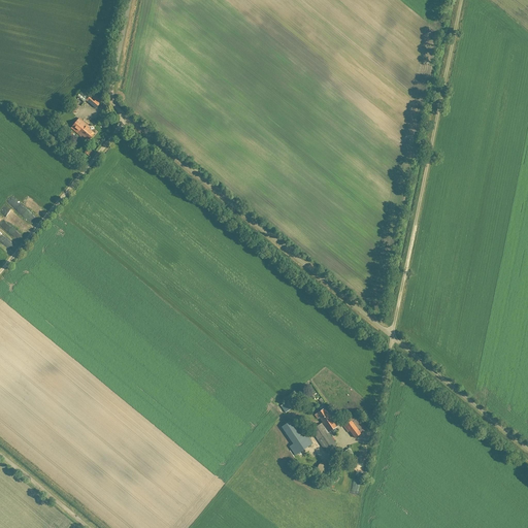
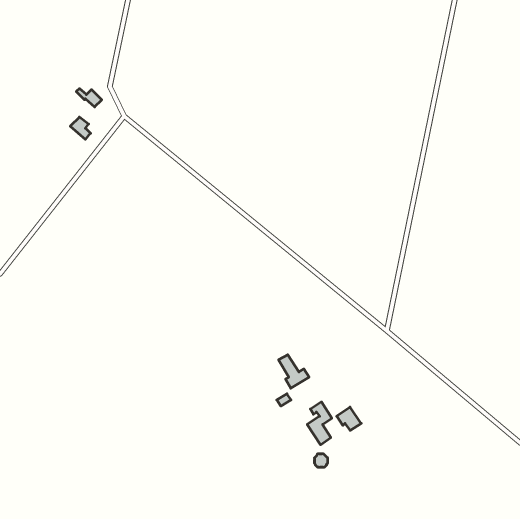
building: [283,421,314,455] -> [279,355,309,388]

